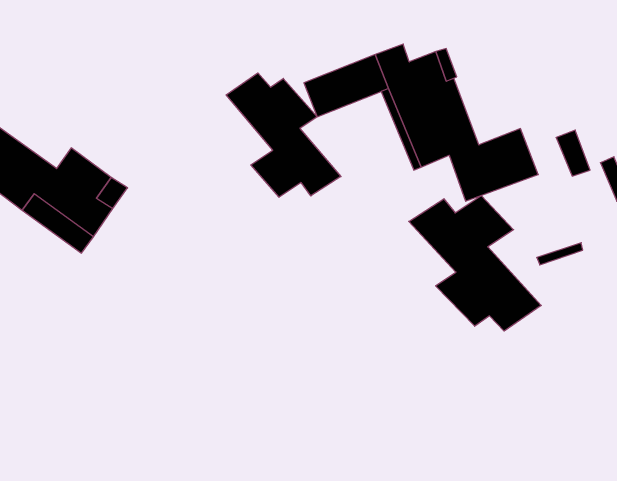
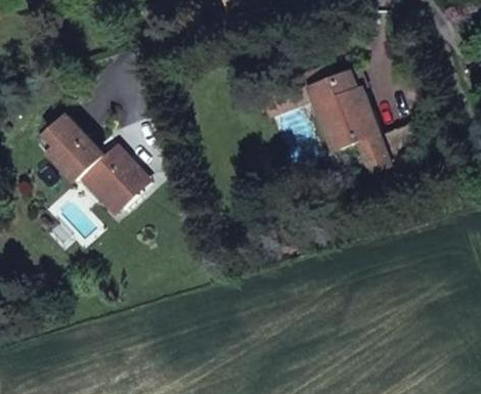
building: [226,73,341,197] -> none
building: [409,196,541,331] -> none

